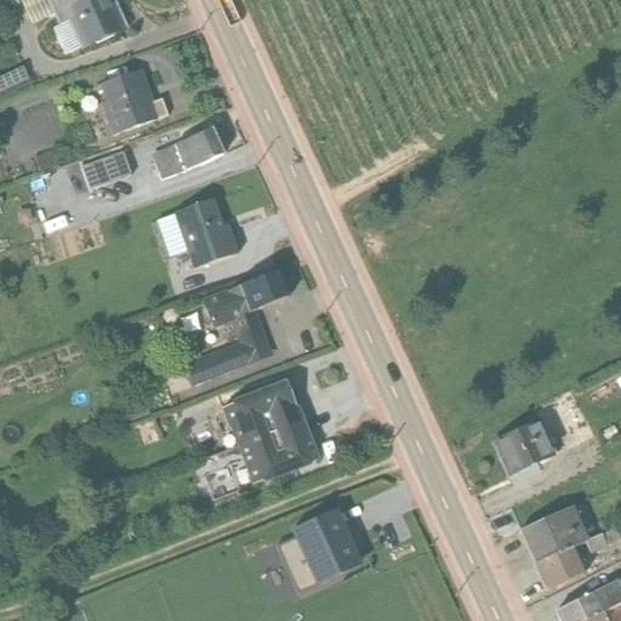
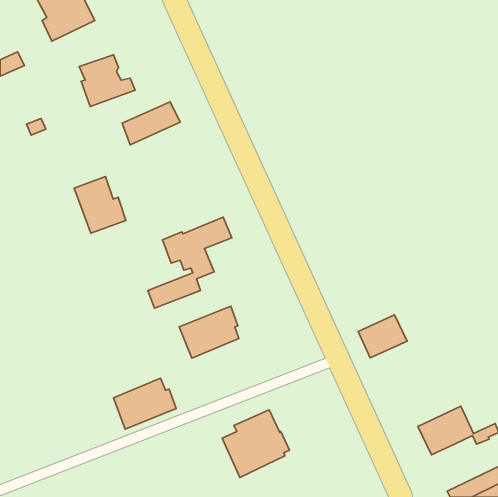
building: [87,144,131,178] -> none
building: [175,196,239,267] -> [74,177,126,233]
building: [497,418,558,472] -> [358,315,407,358]
building: [240,420,318,483] -> [114,378,176,429]
building: [537,547,585,588] -> none

